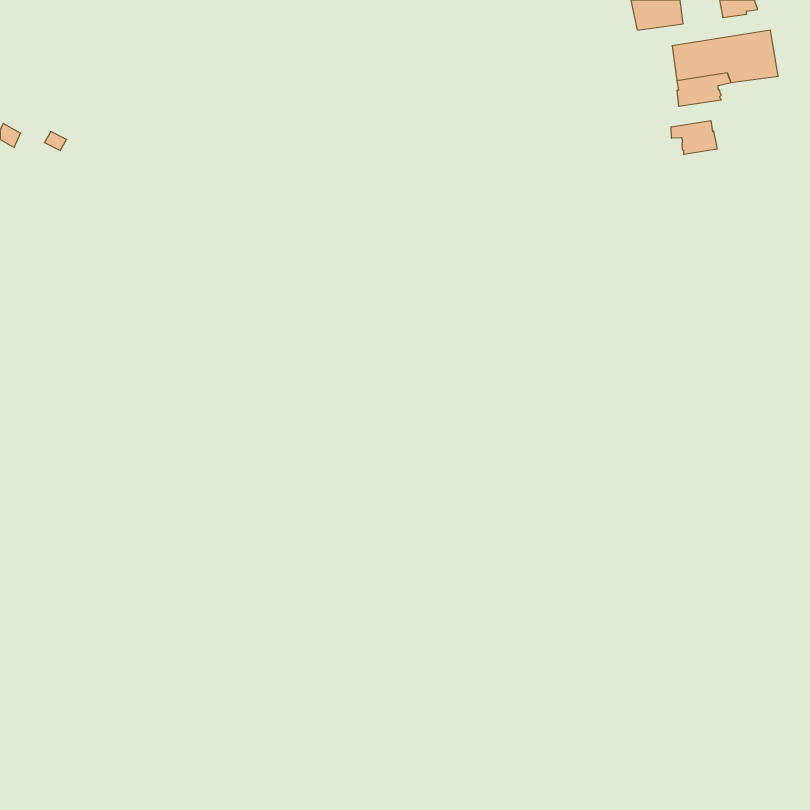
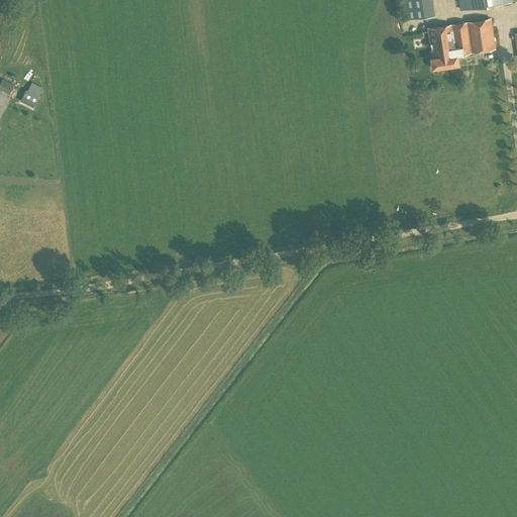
building: [671,121,717,155] -> none

